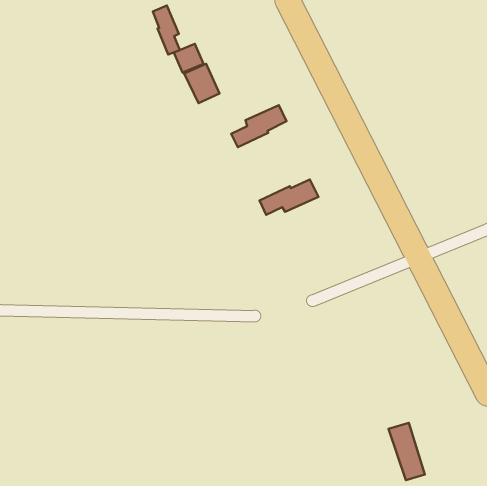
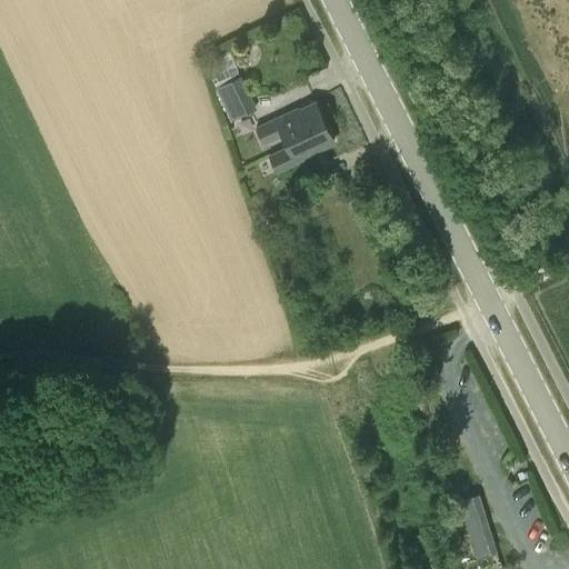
building: [153,6,180,55] -> none
building: [259,179,319,215] -> [257,104,326,146]

